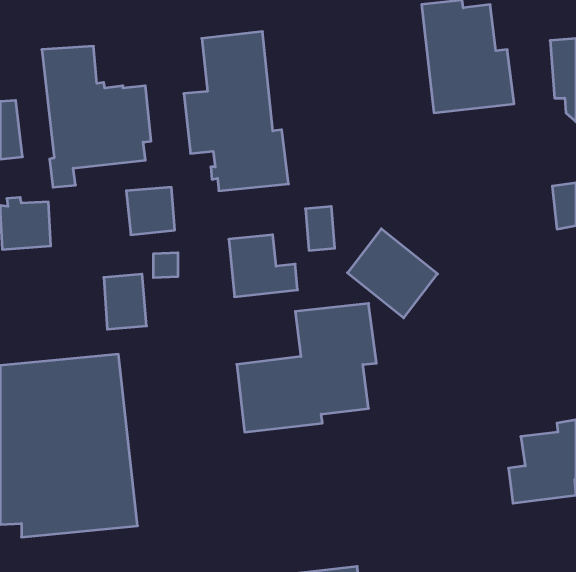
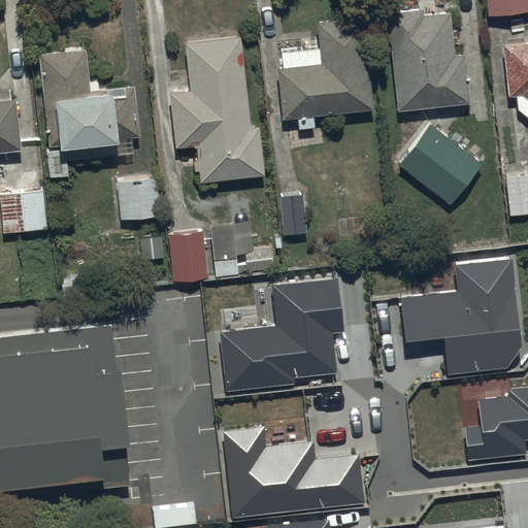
building: none -> [276,15,374,126]
building: [347,229,438,318] -> [398,121,481,202]
building: [104,274,147,329] -> [168,229,207,279]
building: none -> [401,260,522,378]
building: none -> [223,430,365,523]

